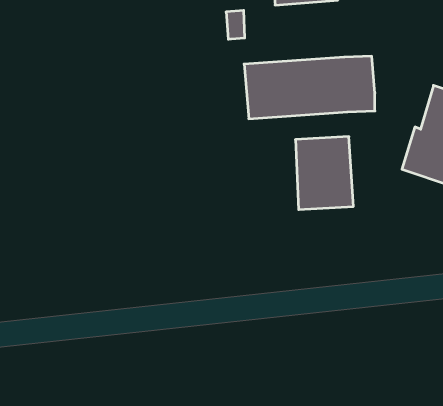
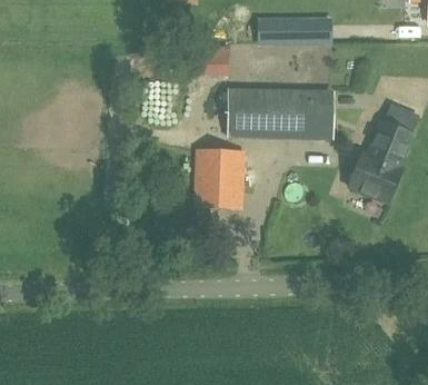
building: [295,137,353,210] -> [197,149,242,207]

